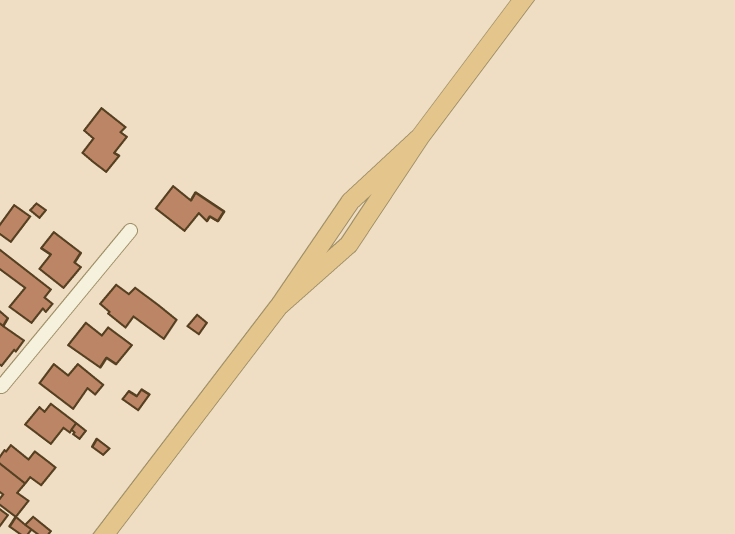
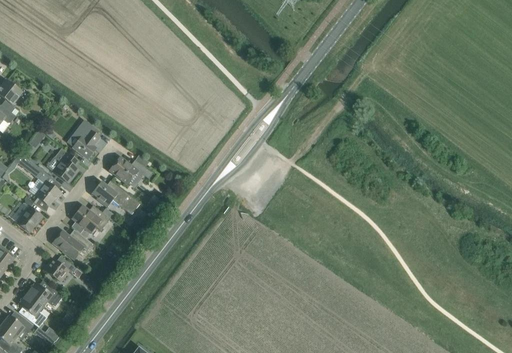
building: [82,108,127,172] -> [72,119,100,159]
building: [156,186,224,231] -> [109,156,152,184]

